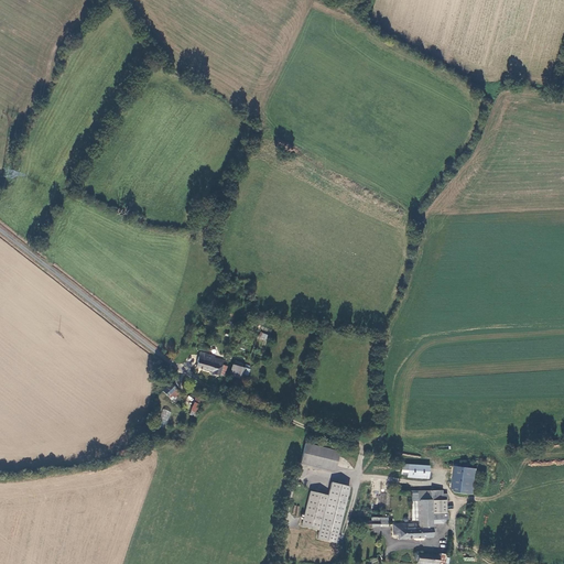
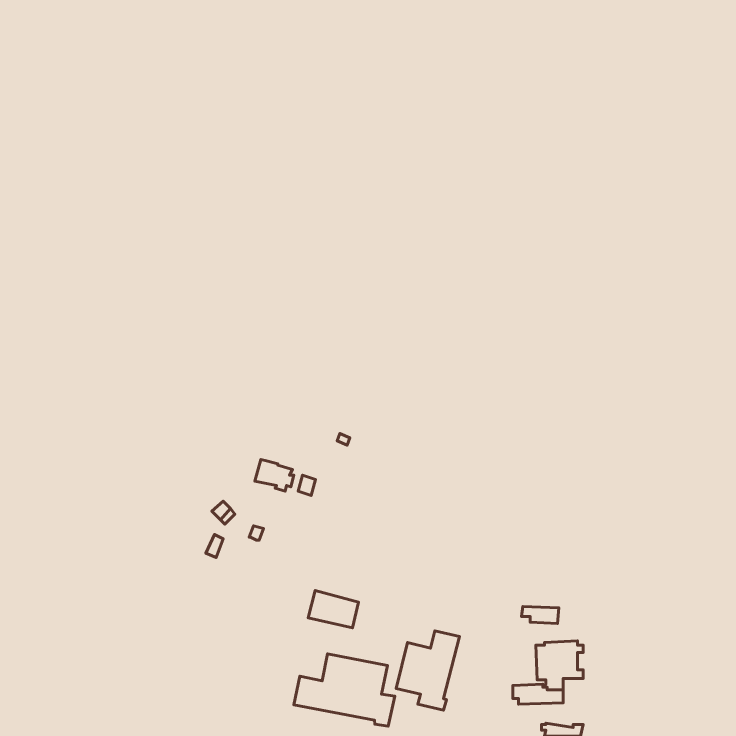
building: [302,443,340,471] -> [308,591,358,628]
building: [451,466,476,491] -> none
building: none -> [294,654,395,726]

